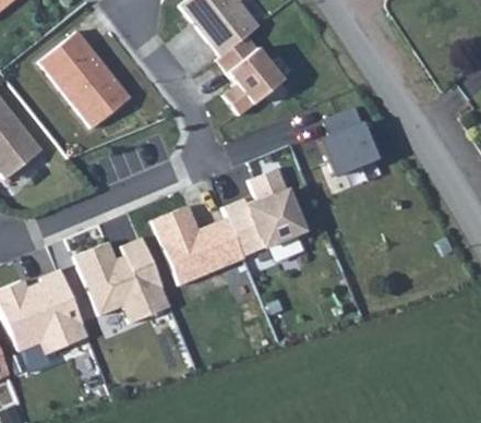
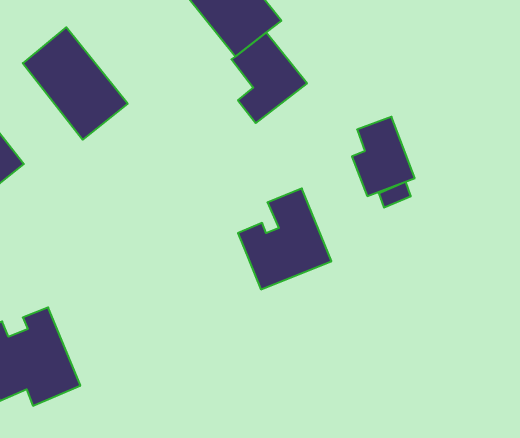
building: [153,205,244,285] -> none
building: [73,238,170,324] -> none

